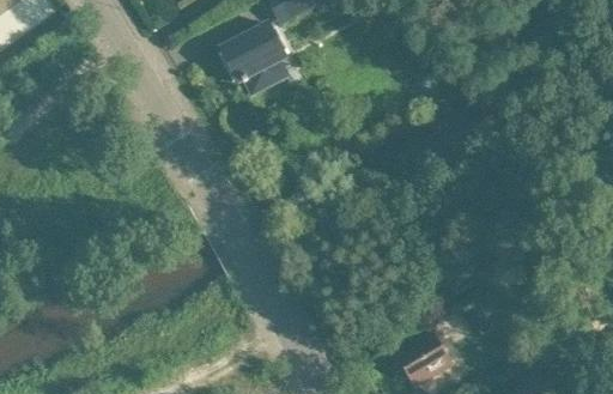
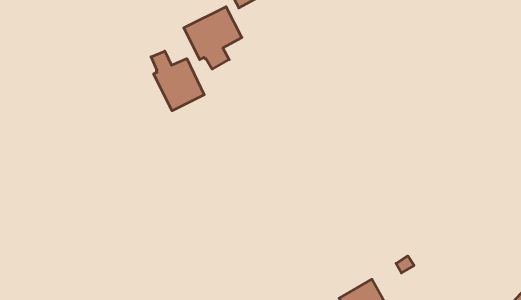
building: none -> [151,51,204,111]

